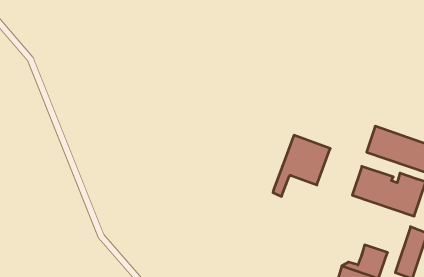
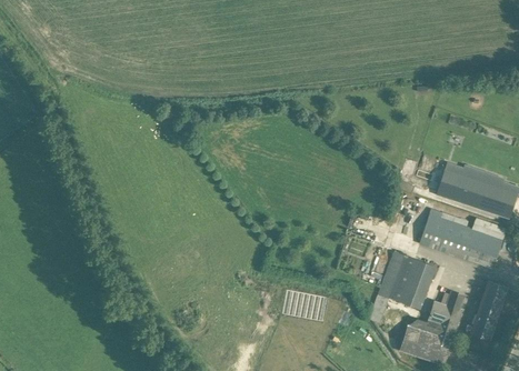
building: [273,135,330,196] -> [369,251,436,322]

